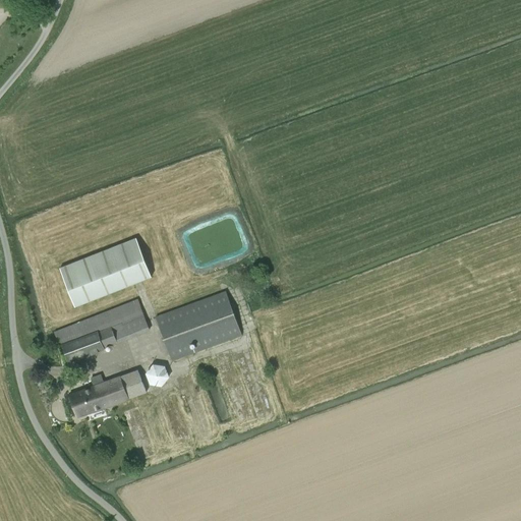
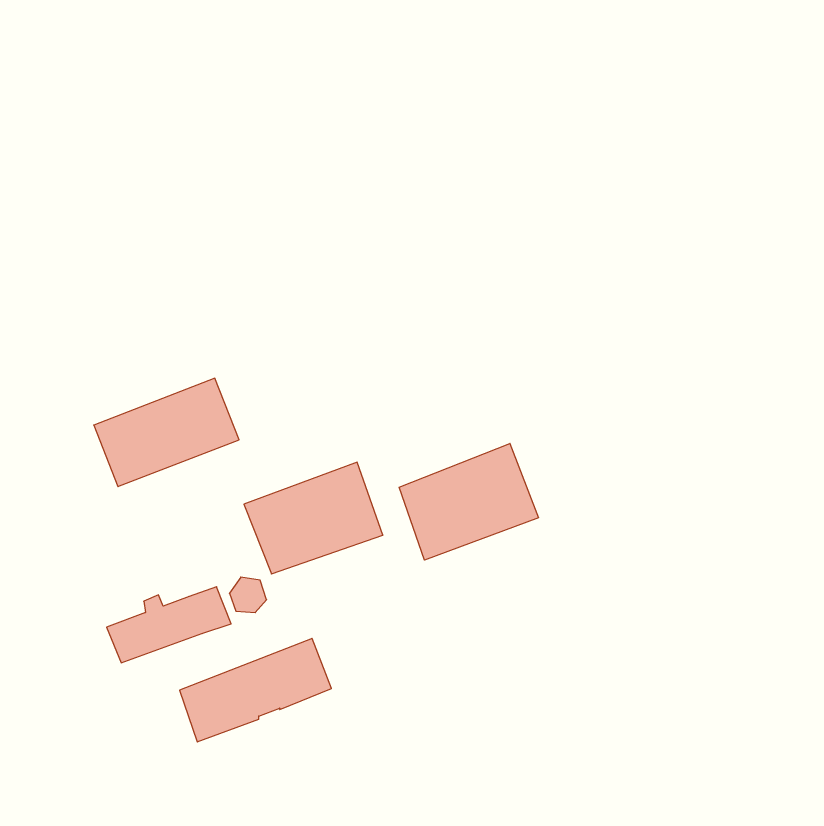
building: none -> [399,443,539,560]
building: [53,299,149,364] -> [180,638,331,742]

